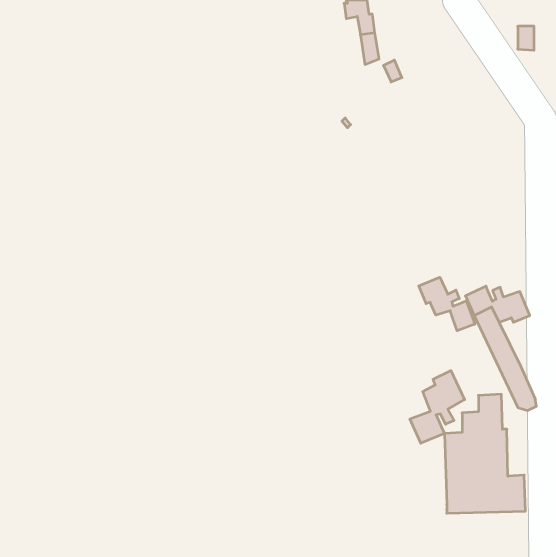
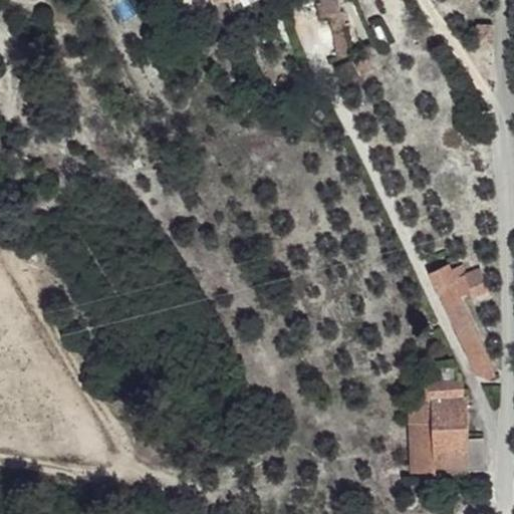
building: [419,277,475,331] -> none
building: [410,371,465,443] -> none

